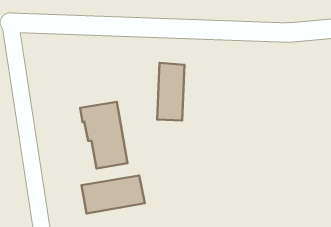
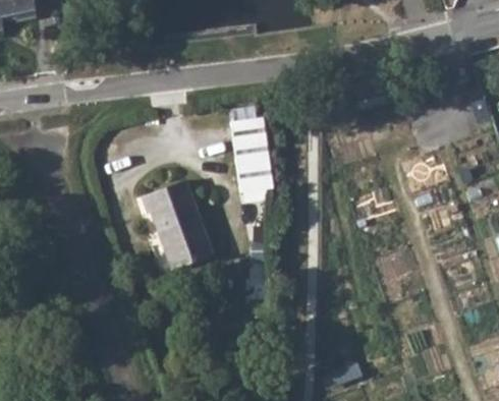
building: [82,175,145,213] -> none

